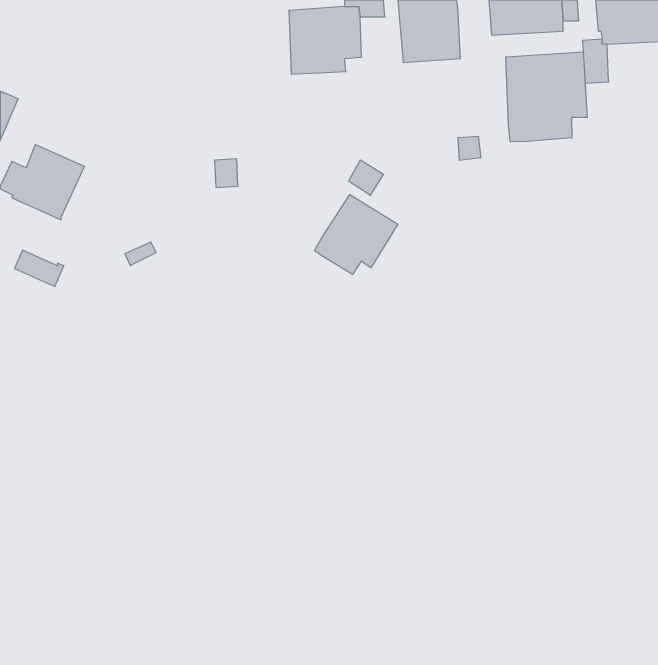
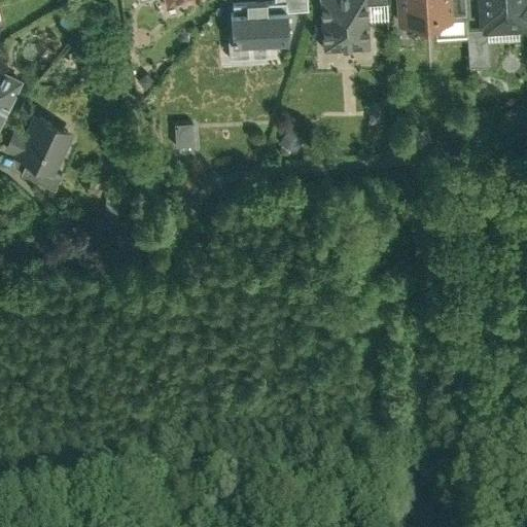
building: [506,52,587,142] -> none
building: [314,195,398,274] -> none
building: [15,250,64,287] -> [20,162,59,190]

